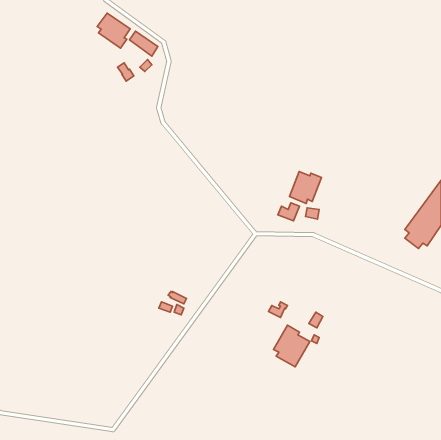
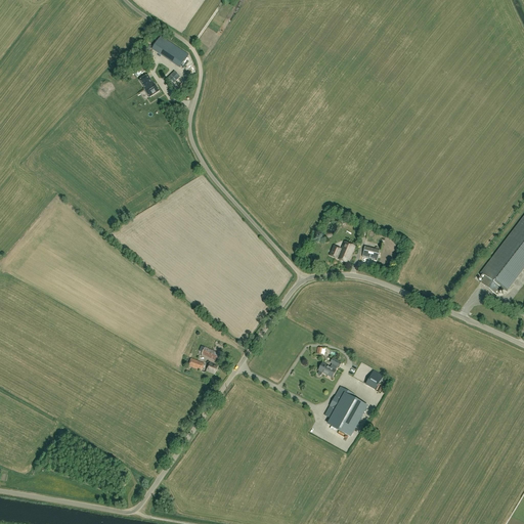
building: [97,13,130,48] -> none
building: [289,172,322,204] -> none

